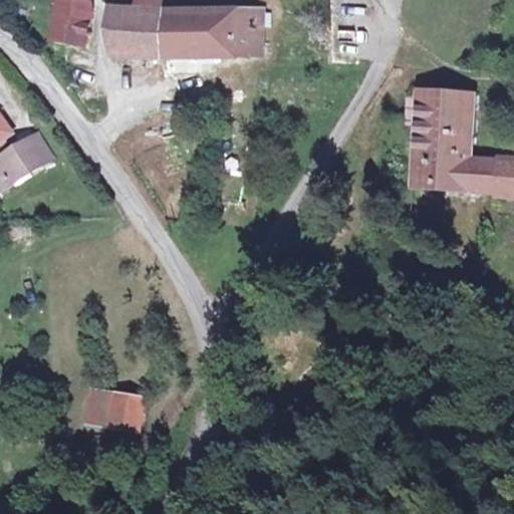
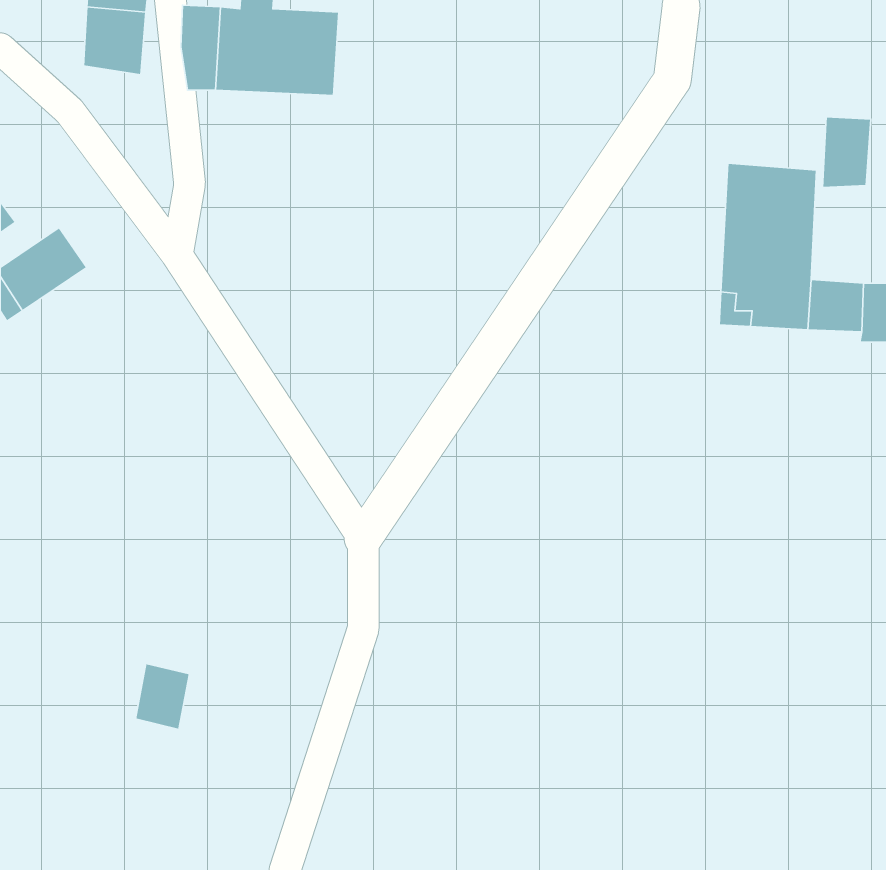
building: [194,7,259,58] -> none
building: none -> [822,117,871,187]
building: [104,390,134,428] -> none

